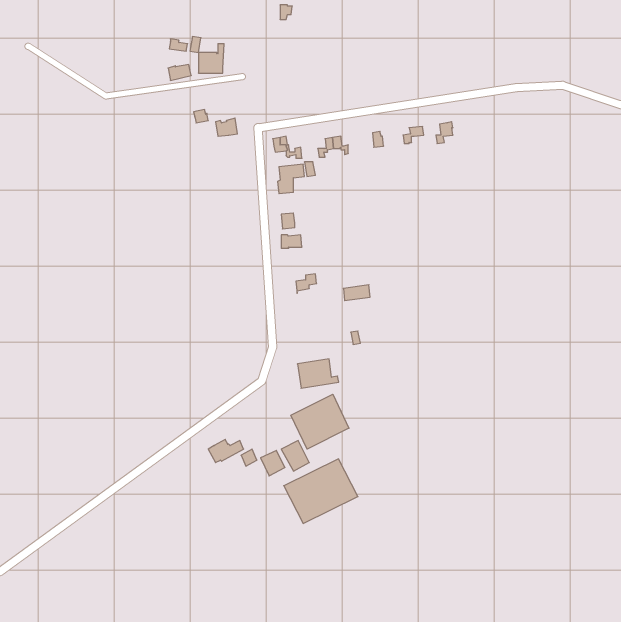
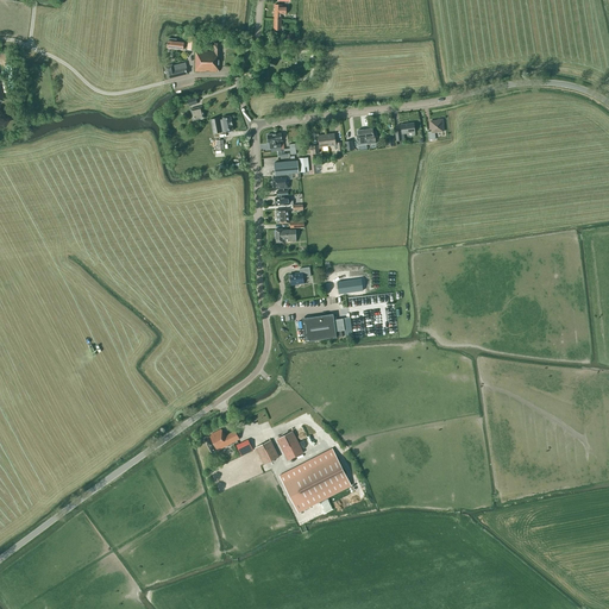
building: [297,359,339,388] -> [301,314,341,343]
building: [291,394,349,449] -> none

